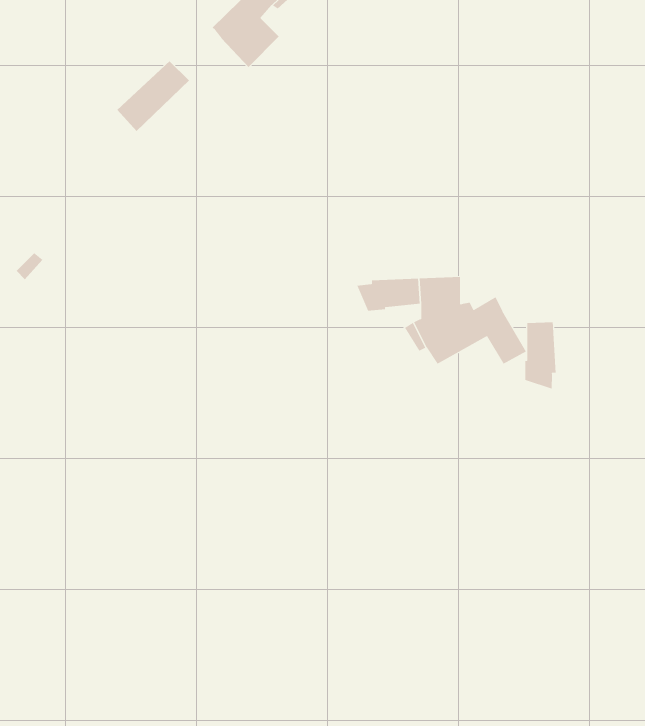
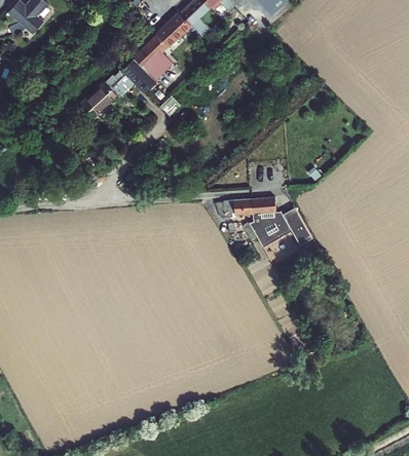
building: none -> [125,59,156,90]
building: [525,322,556,389] -> none

